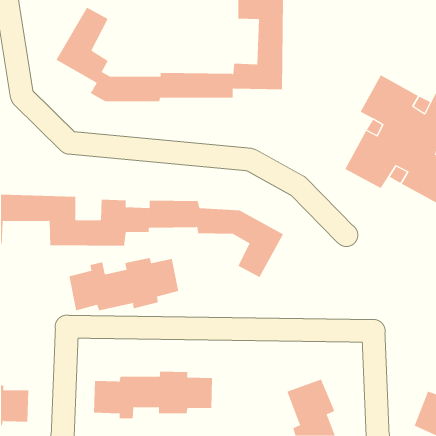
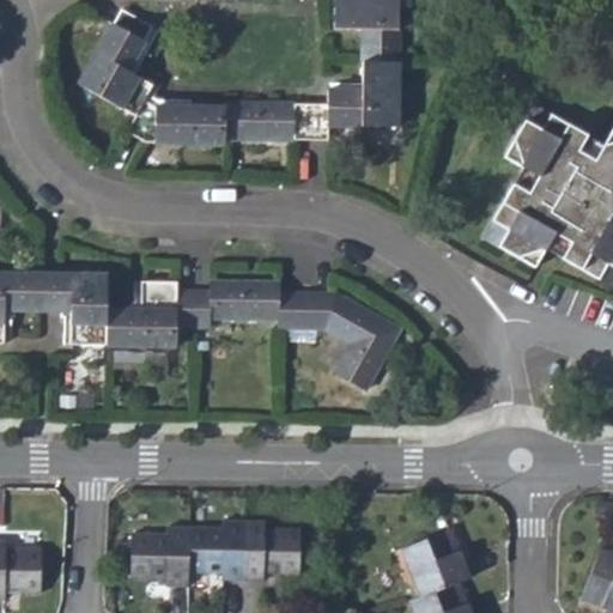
building: [69,257,179,311] -> none

